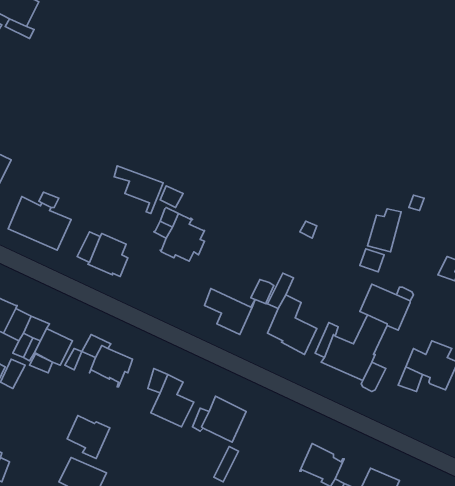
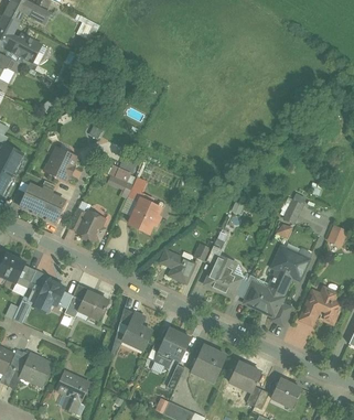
building: none -> [43,149,76,180]
building: [67,416,110,459] -> [21,353,52,384]
building: none -> [191,344,226,380]

